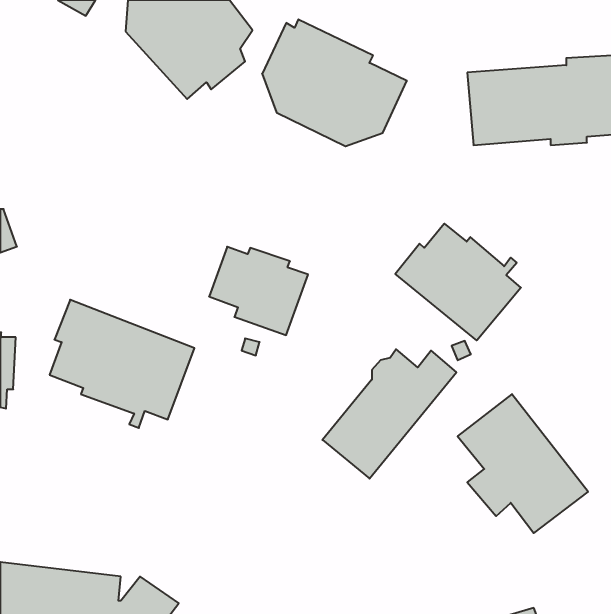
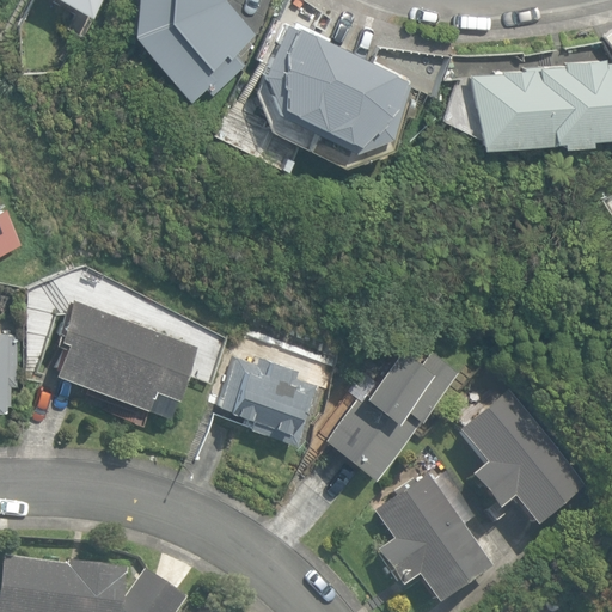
building: [395,224,521,340] -> none
building: [209,247,308,335] -> [220,357,318,445]
building: none -> [375,477,491,606]

